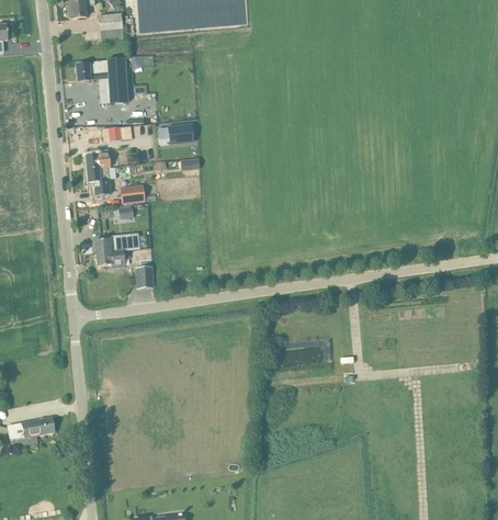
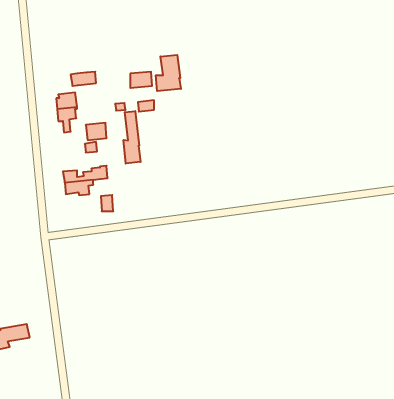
building: [76,57,127,102] -> none
building: none -> [156,55,181,91]
building: none -> [124,111,141,164]

